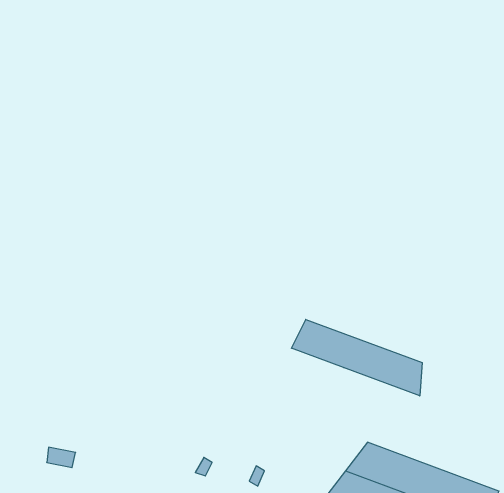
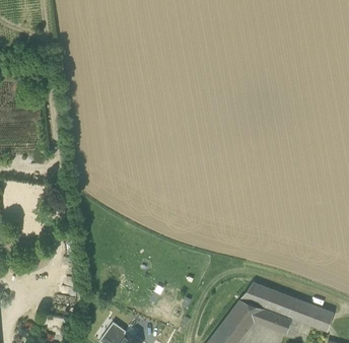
building: [291,319,422,396] -> none

